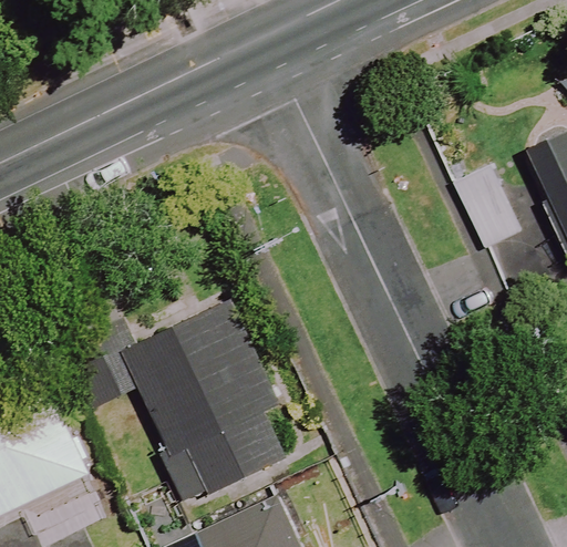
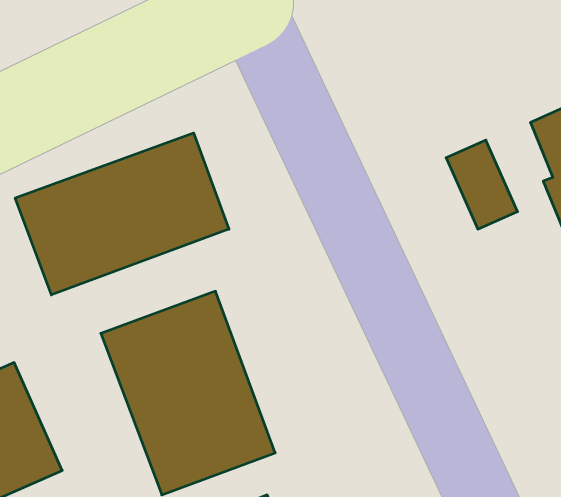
building: none -> [15,133,229,295]

